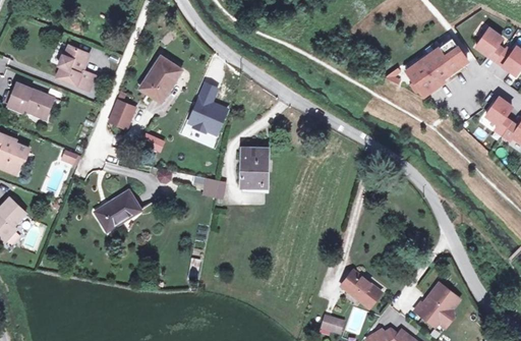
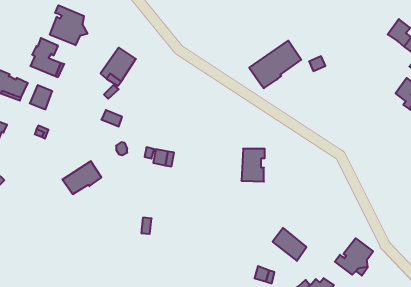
building: none -> [50,5,87,45]
building: [407,35,468,91] -> [249,41,301,88]
building: [188,83,227,133] -> none
building: [109,102,135,130] -> [30,85,52,109]
building: [240,150,268,188] -> [241,149,265,182]

